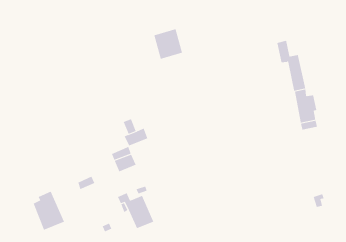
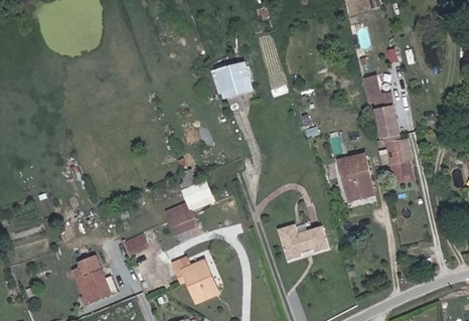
building: none -> [338,153,373,200]
building: none -> [278,223,328,260]

